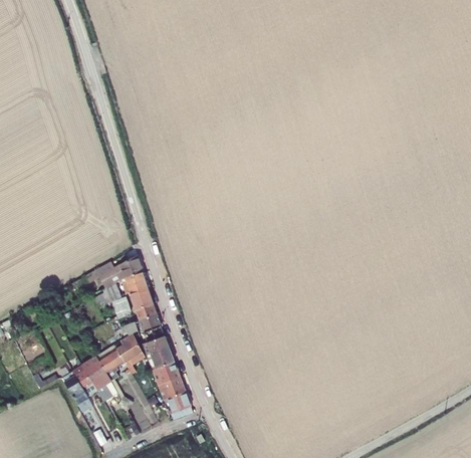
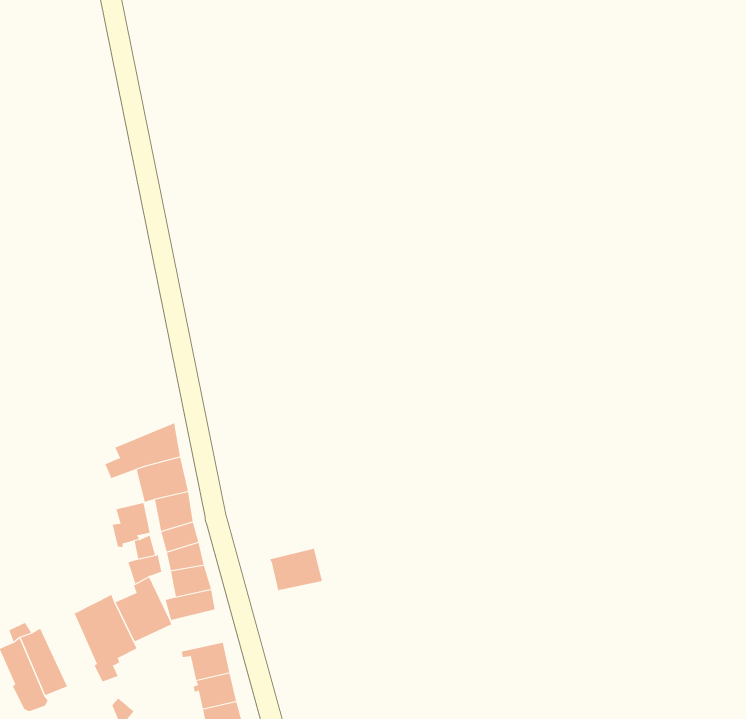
building: [146,347,174,371] -> [270,548,323,592]
building: [80,357,114,399] -> none

